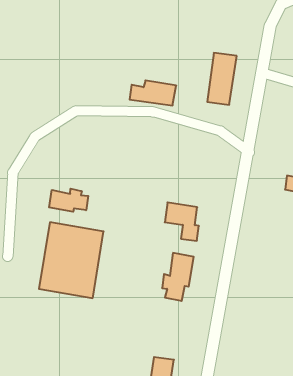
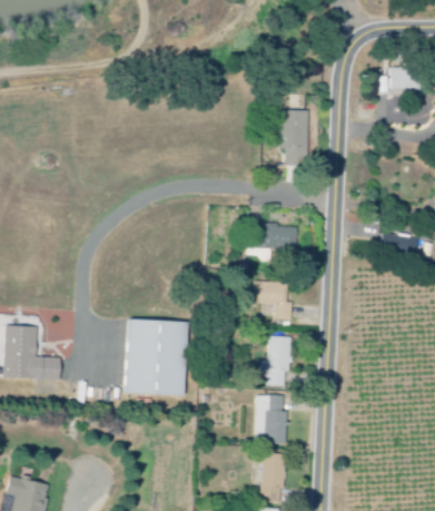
building: [130,80,176,105] -> [248,224,297,247]
building: [49,189,88,212] -> none
building: none -> [254,394,286,441]

